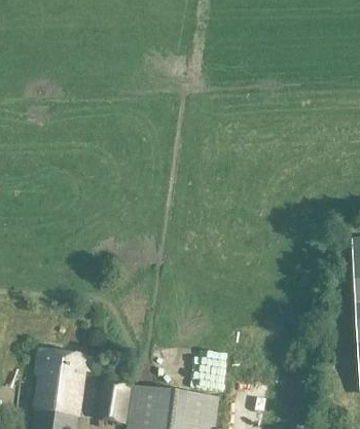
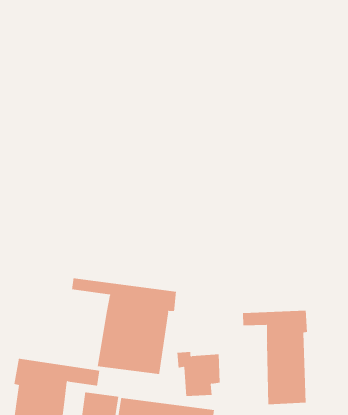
building: none -> [71,277,176,375]
building: none -> [242,310,307,405]

